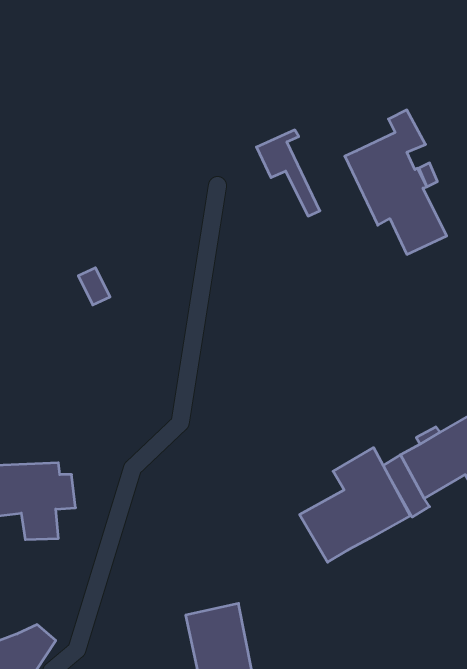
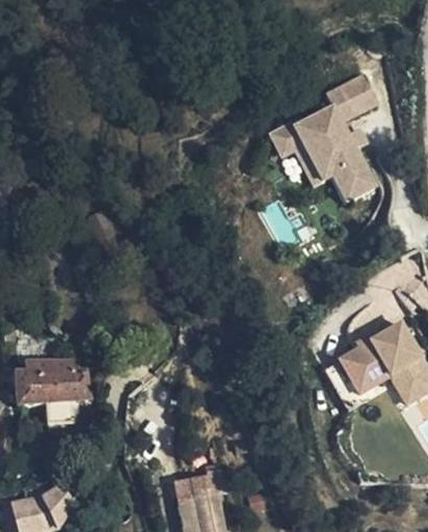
building: none -> [345,74,382,113]
building: [256,130,320,216] -> [272,113,322,181]
building: [300,448,410,562] -> none

